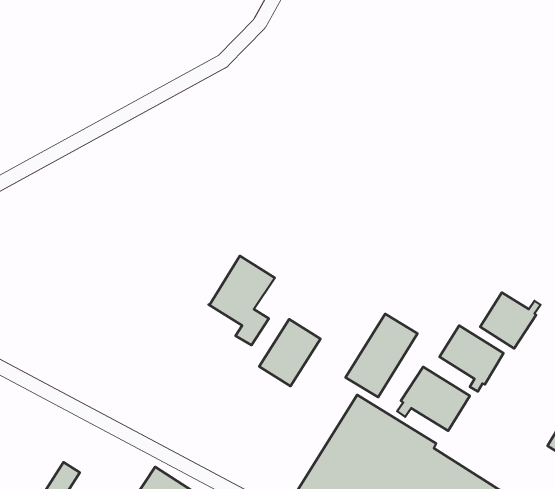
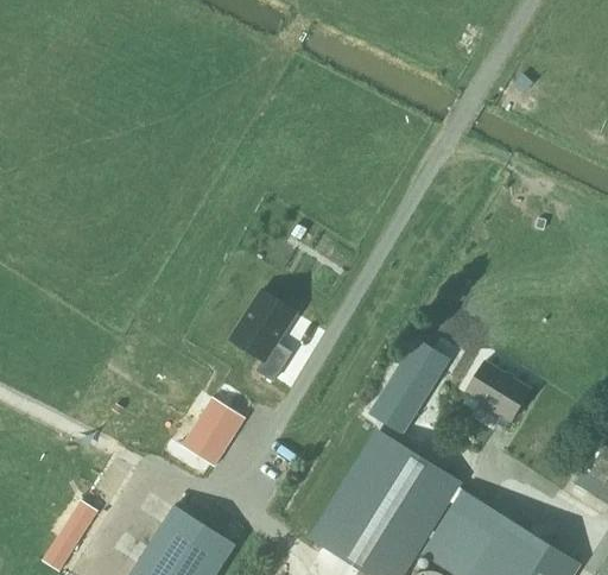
building: [480,292,540,348] -> none
building: [259,319,321,386] -> [182,398,245,467]
building: [397,367,470,431] -> none

